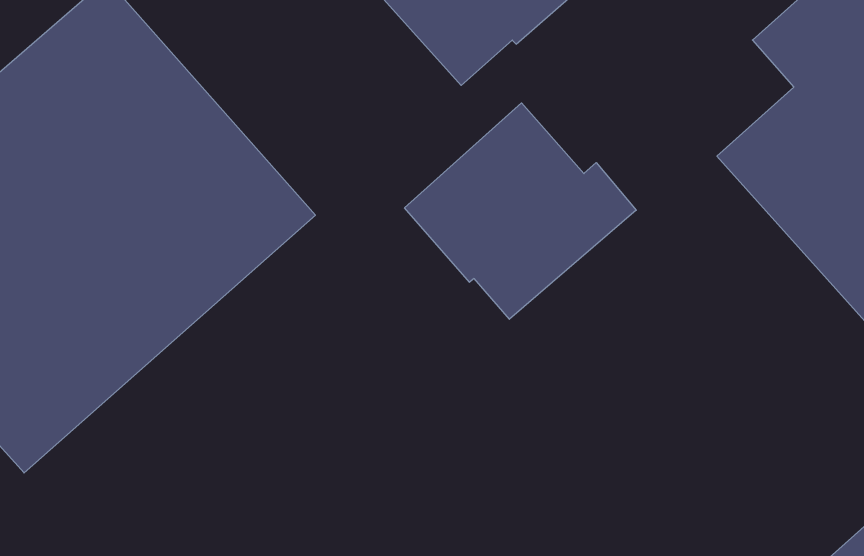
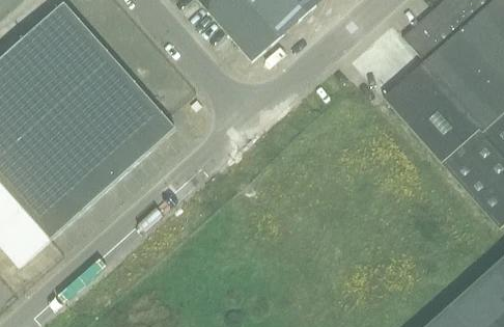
building: [405,103,636,319] -> none

